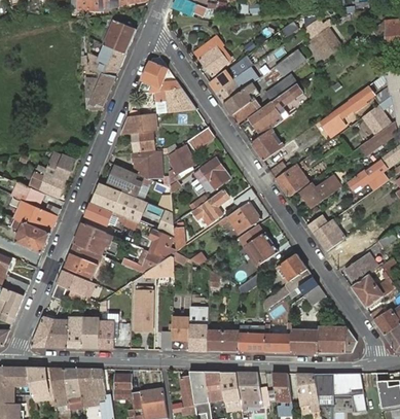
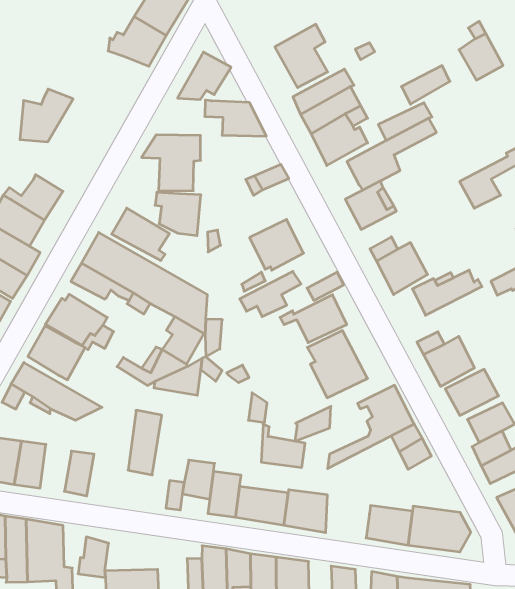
building: [85,71,116,105] -> [20,89,73,142]
building: [168,146,195,174] -> none
building: [83,318,100,348] -> none
building: [263,328,291,352] -> [261,424,305,467]

